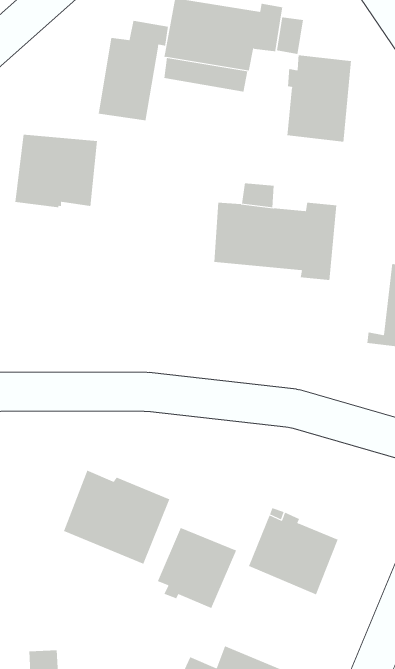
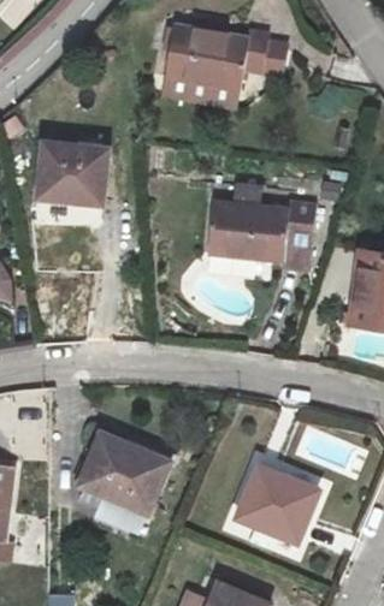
building: [98,20,168,121] -> none
building: [287,55,351,143] -> none
building: [157,527,237,609] -> none

